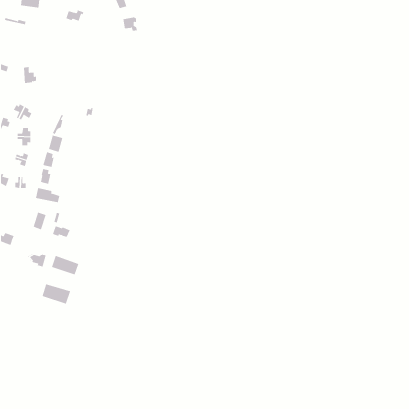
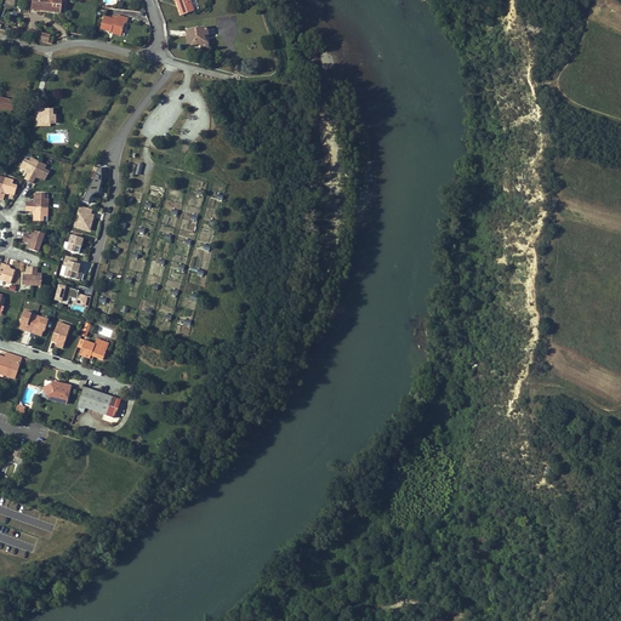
building: none -> [17,309,49,338]
building: [42,283,71,304] -> none

